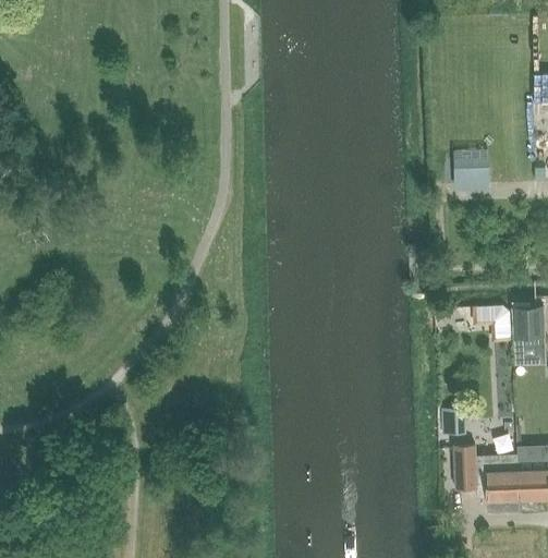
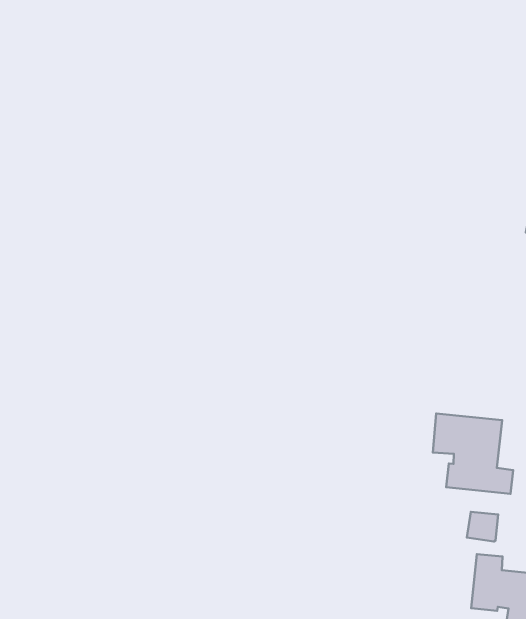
building: none -> [433,414,513,494]

